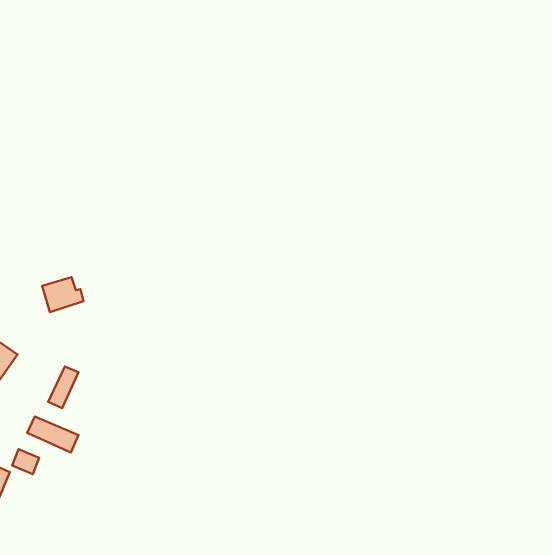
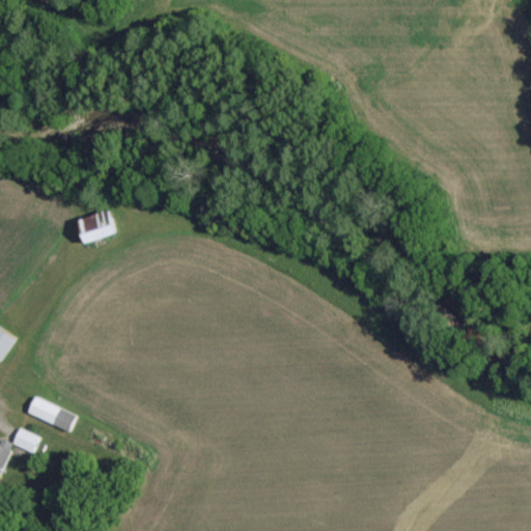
building: [42,277,84,312] -> [77,209,116,243]
building: [48,366,78,408] -> none

